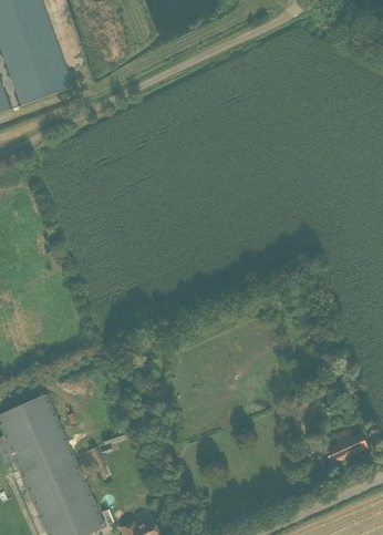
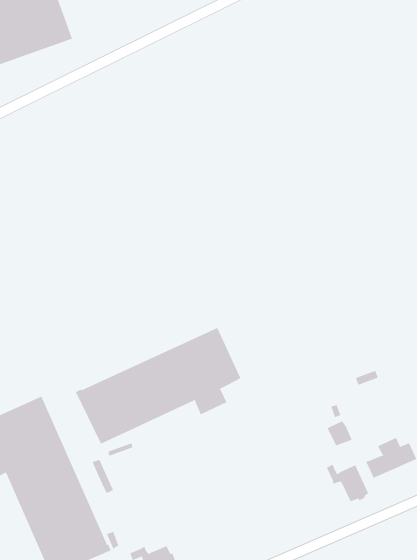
building: none -> [75,327,241,445]
building: none -> [326,463,369,502]

